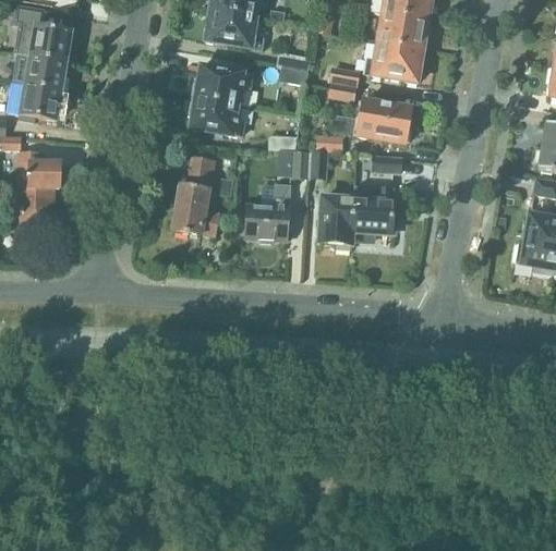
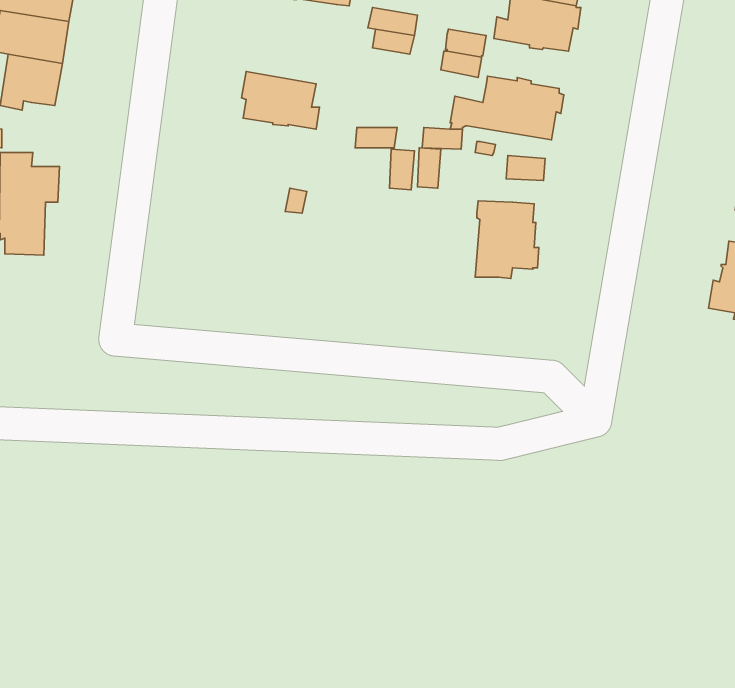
building: [192,65,252,105] -> none
building: [173,156,219,235] -> none
building: [245,184,292,243] -> none
building: [318,196,355,248] -> none

